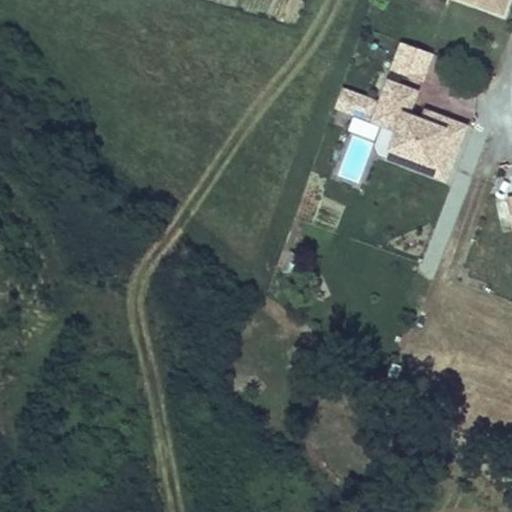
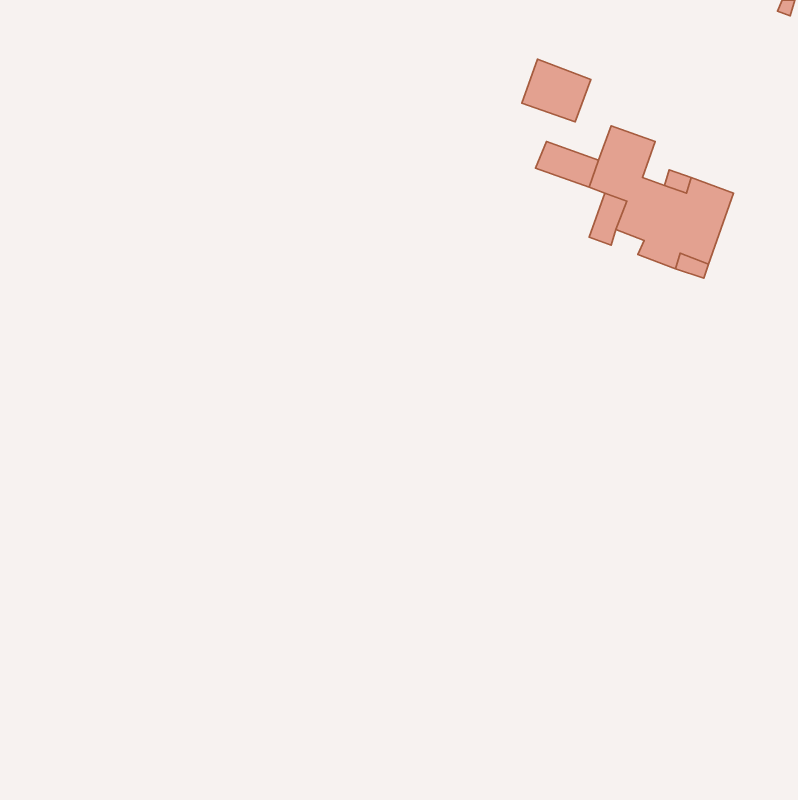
building: [389,41,433,81] -> [522,59,591,122]

